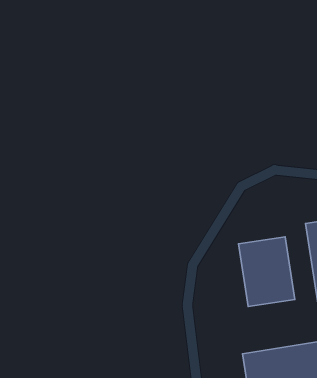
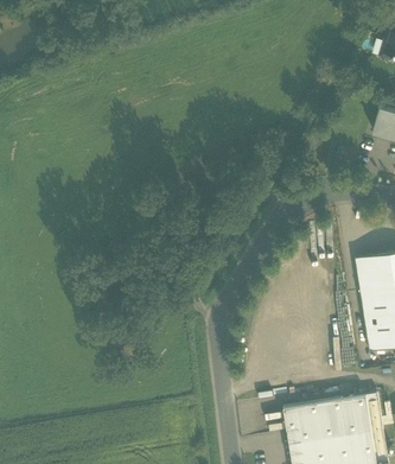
building: [239,237,295,307] -> none

